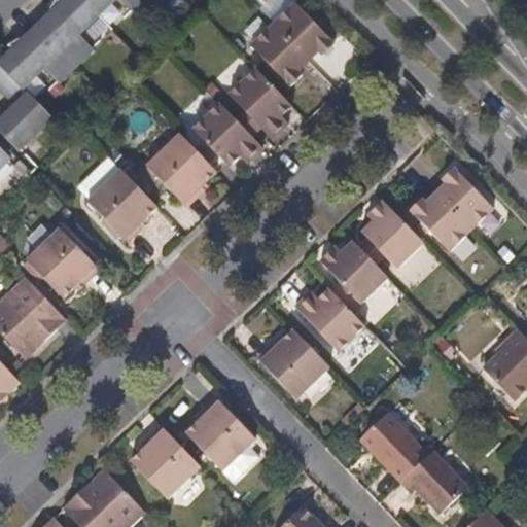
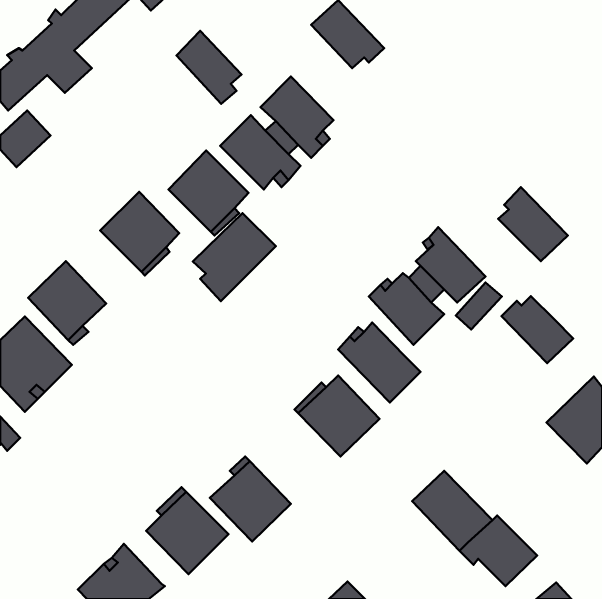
building: [251,22,308,85] -> [177,31,241,104]
building: none -> [193,213,276,301]
building: [410,191,472,250] -> [501,296,573,363]

